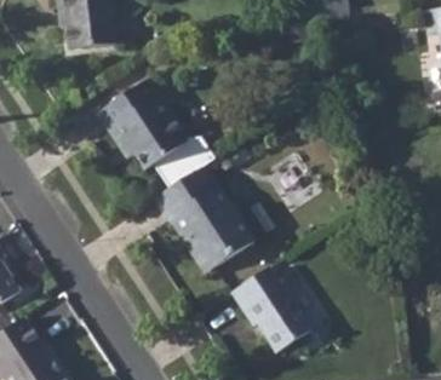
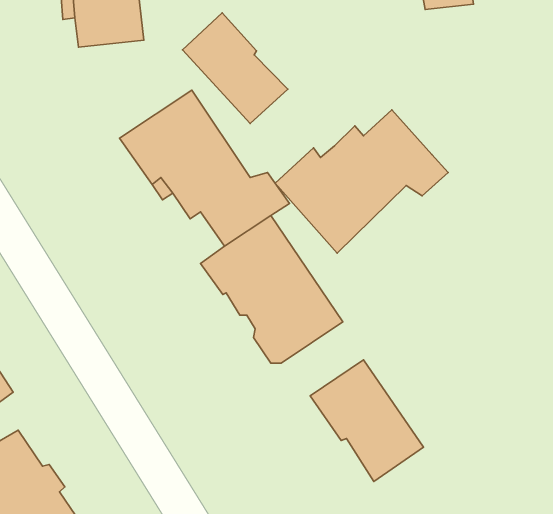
building: none -> [182,13,288,123]
building: none -> [275,110,448,253]

